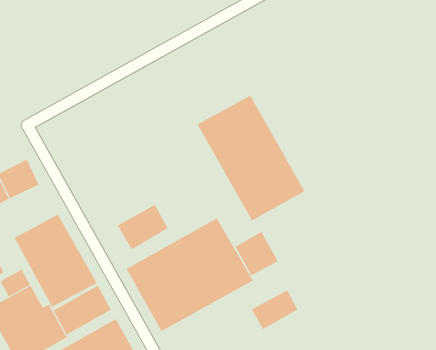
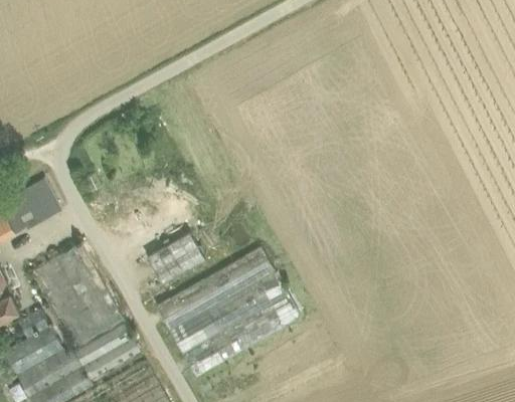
building: [197,95,305,221] -> none
building: [235,231,279,276] -> none
building: [251,289,298,330] -> none

